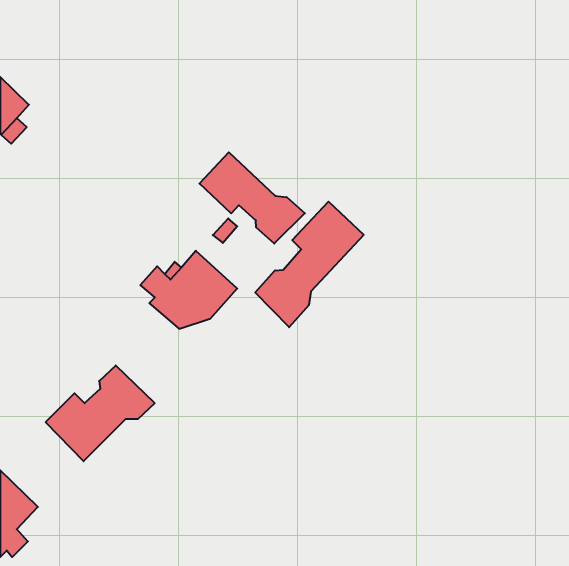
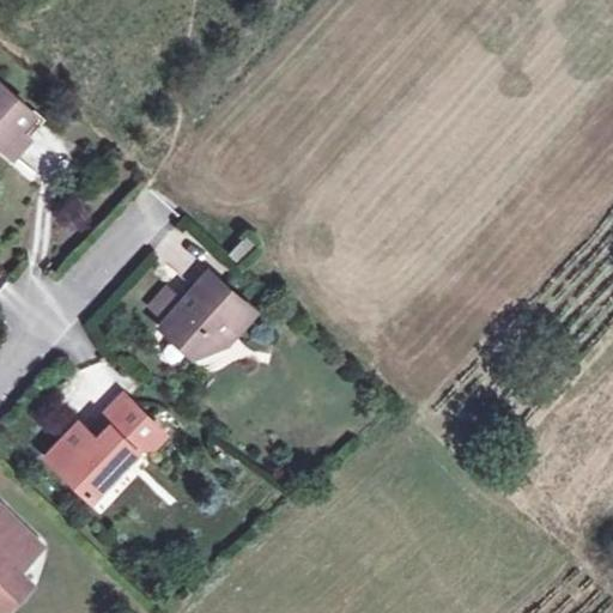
building: [199,152,305,244] -> none
building: [255,202,364,327] -> none

